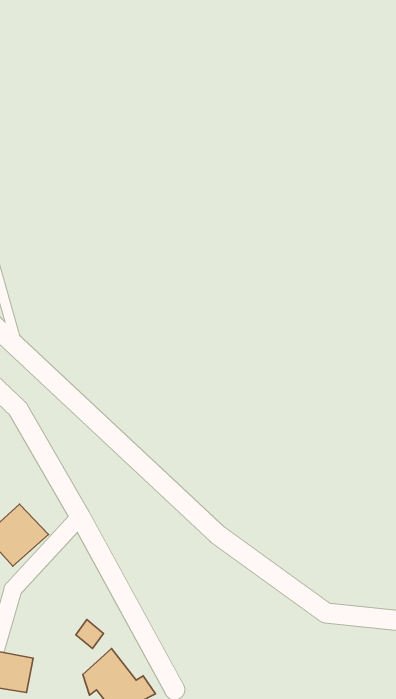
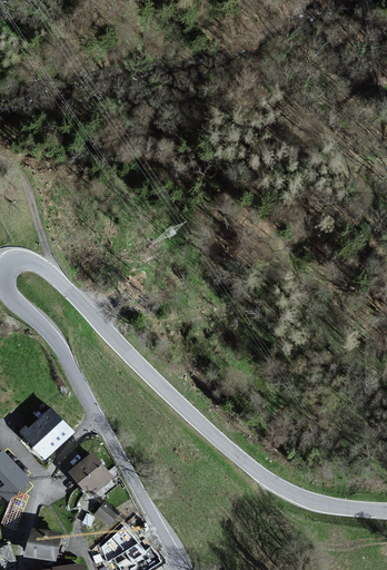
building: none -> [68,454,110,497]

